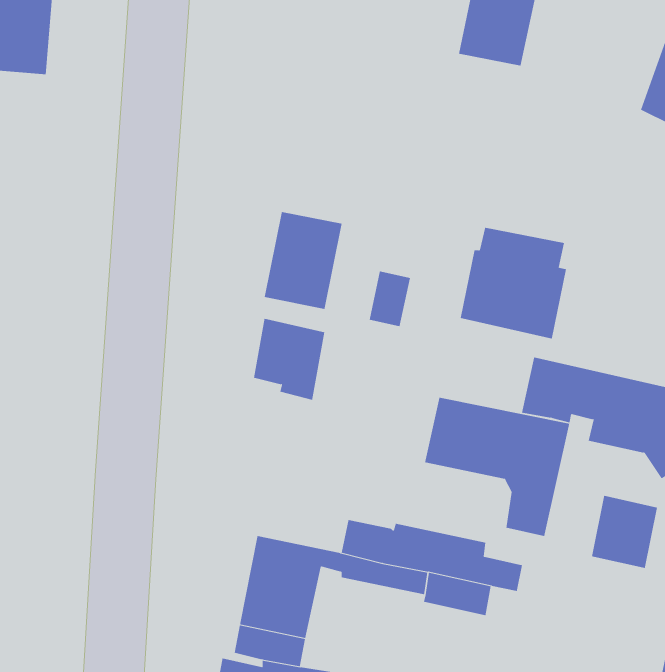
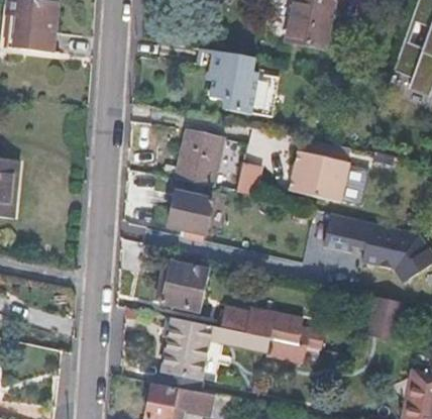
building: none -> [205,49,277,114]
building: [425,397,570,537] -> none
building: none -> [161,265,209,310]

